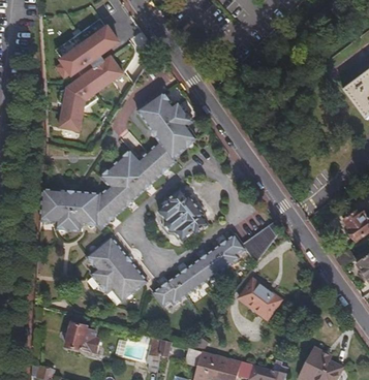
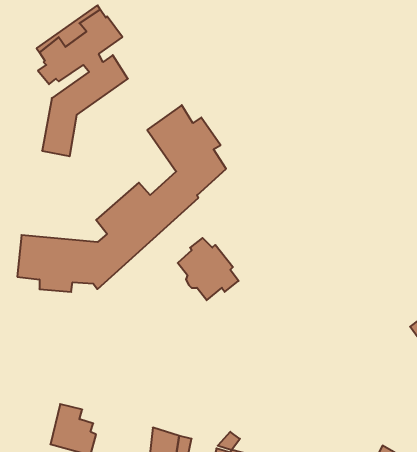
building: [153,220,282,307] -> none
building: [86,236,147,300] -> none
building: [238,278,280,318] -> none

